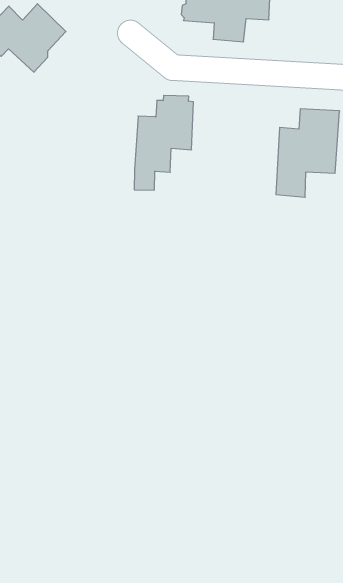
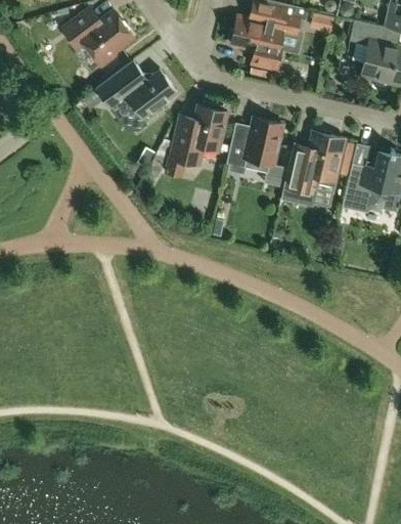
building: none -> [96,60,177,131]
building: none -> [226,117,284,185]

